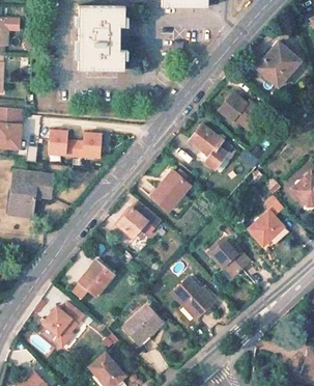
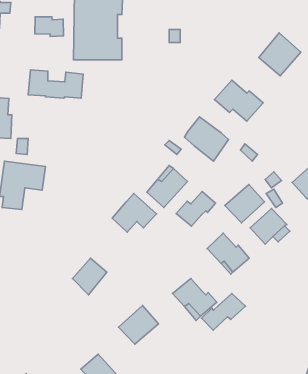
building: none -> [35,17,64,36]
building: [49,129,102,156] -> [28,70,83,98]
building: none -> [225,184,265,223]
building: none -> [176,192,216,226]
building: none -> [201,293,245,330]
building: [41,302,83,347] -> none

